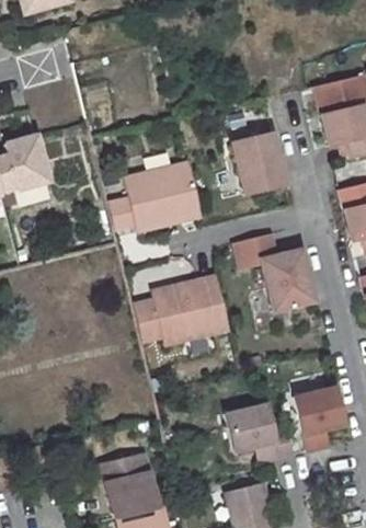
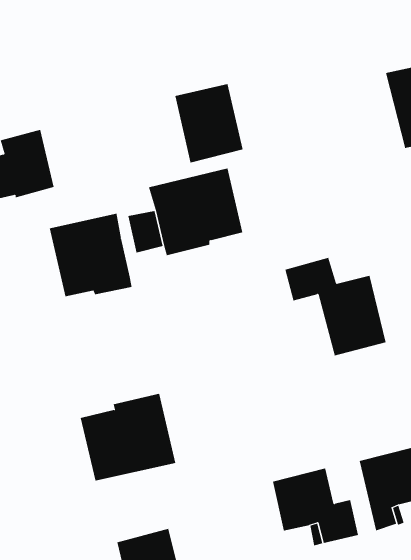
building: [232,135,287,198] -> [175,83,243,163]
building: none -> [49,213,132,297]
building: [151,275,228,345] -> [80,393,176,481]

